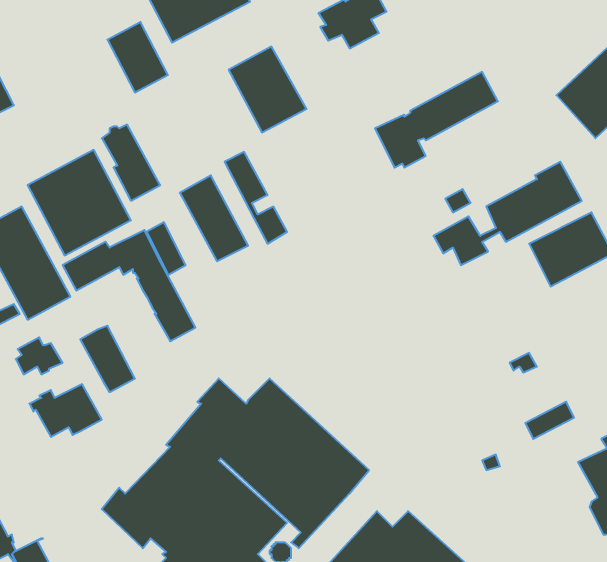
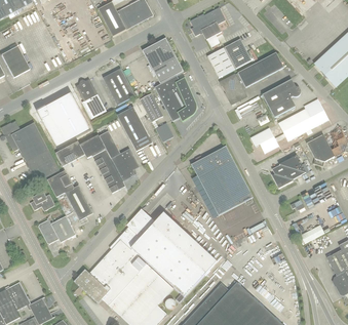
building: [107,22,168,92] -> [104,68,136,105]
building: none -> [207,38,252,77]
building: none -> [155,75,195,121]
building: none -> [262,78,301,117]
building: none -> [191,146,254,215]
building: none -> [111,148,140,180]
building: none -> [271,155,306,188]
building: none -> [47,170,74,197]

